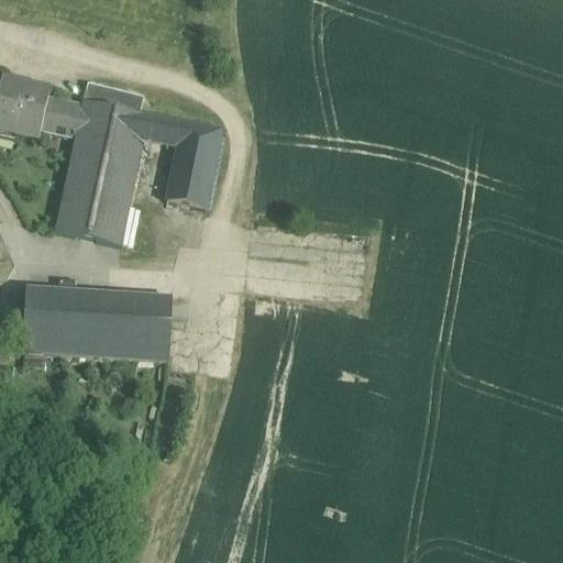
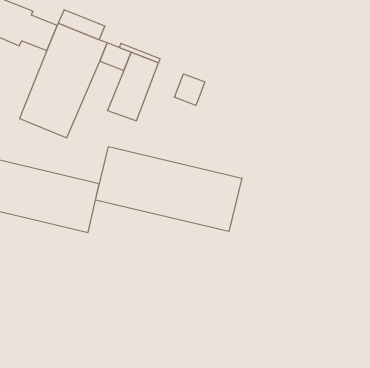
building: none -> [174,74,205,105]
building: none -> [95,147,242,232]

